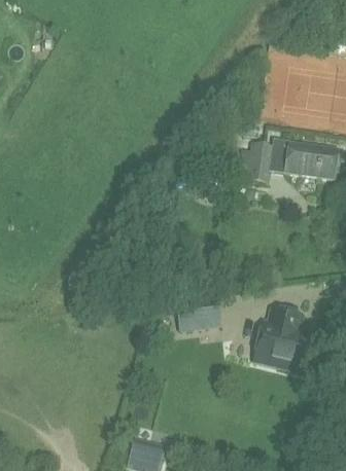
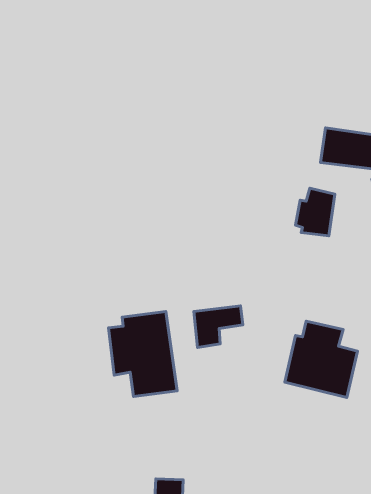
building: [238,143,272,184] -> [295,188,335,236]
building: none -> [108,311,177,396]

